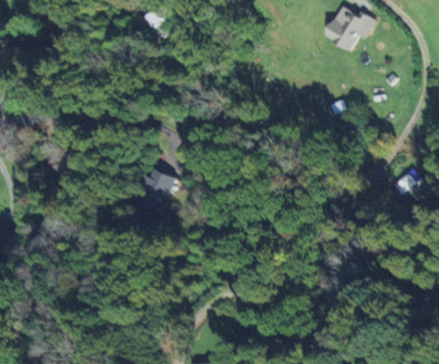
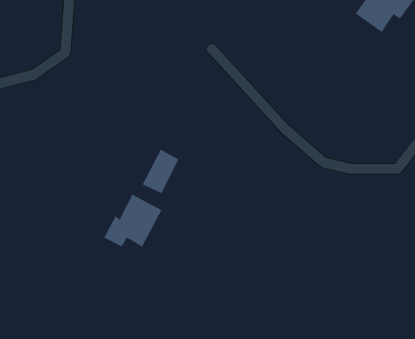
building: none -> [104,194,162,248]

